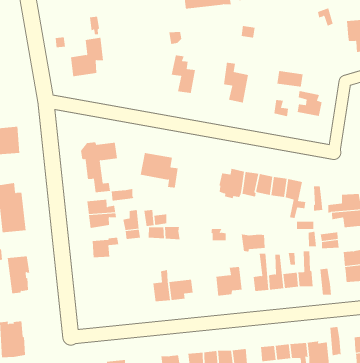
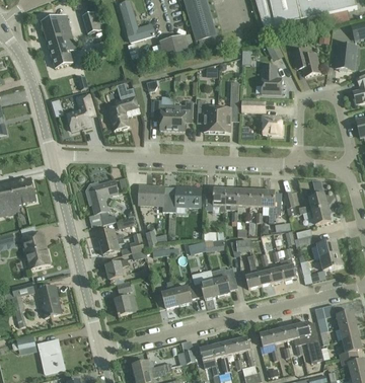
building: none -> [107,82,140,130]
building: none -> [261,65,281,93]
building: none -> [216,81,238,132]
building: none -> [171,100,193,131]
building: none -> [169,186,201,212]
building: none -> [191,270,217,299]
building: none -> [115,282,132,316]

